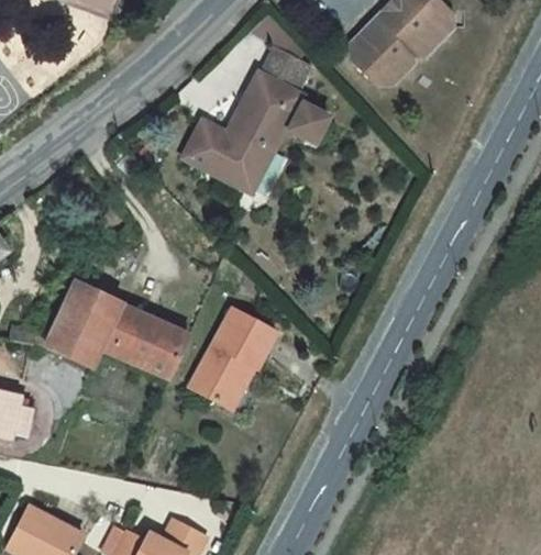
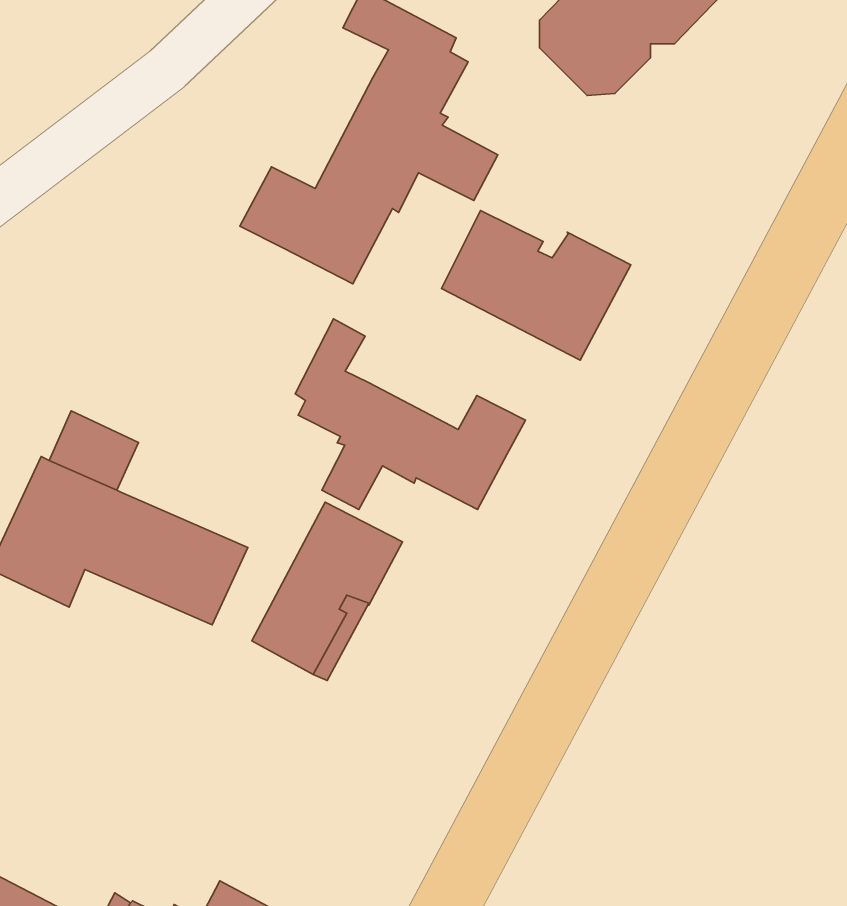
building: none -> [441,211,631,360]
building: none -> [295,319,526,510]

